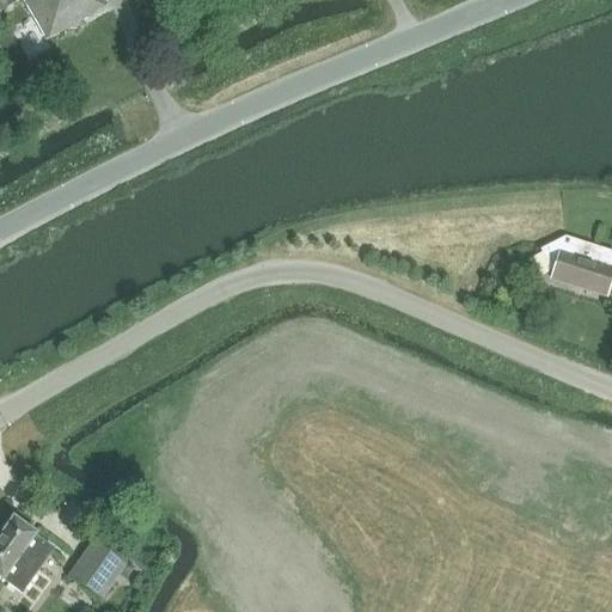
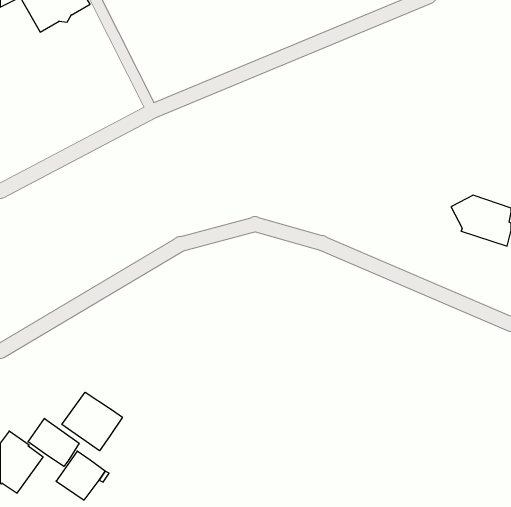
building: none -> [62,392,122,451]
building: none -> [28,418,79,466]

